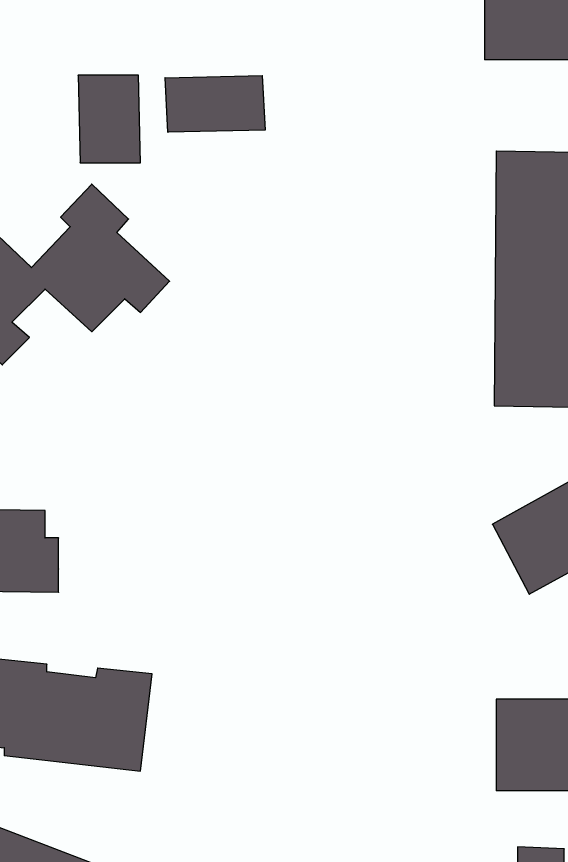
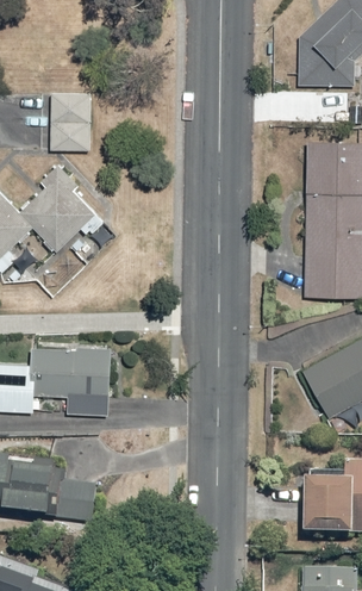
building: [165,76,265,132] -> none
building: none -> [30,343,110,416]

